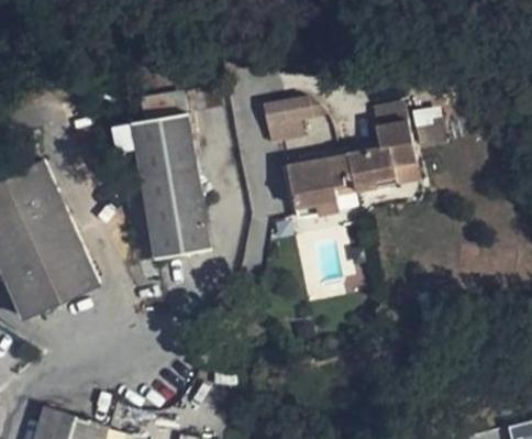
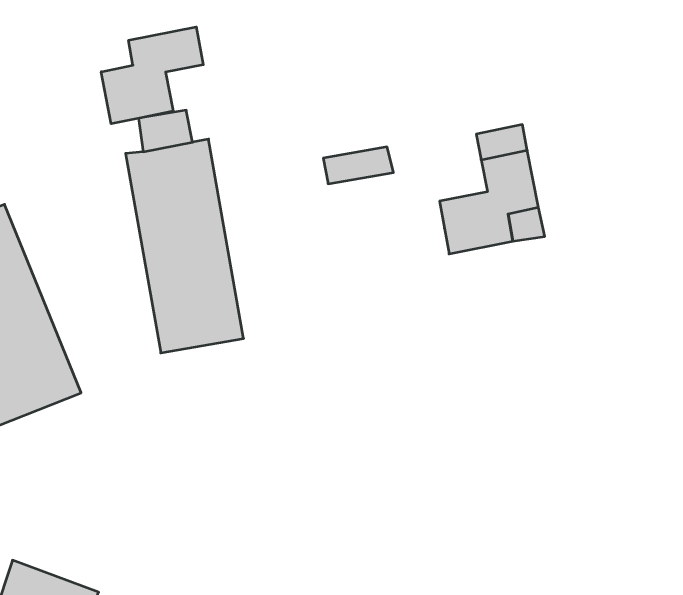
building: none -> [101,27,203,124]
building: [263,96,330,127] -> none
building: [285,156,350,220] -> none

